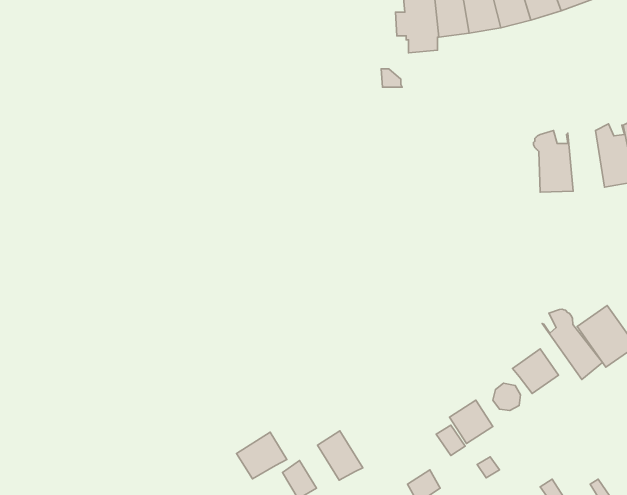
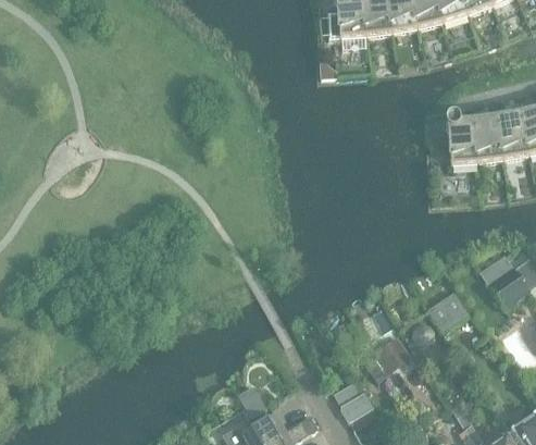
building: none -> [473,109,503,161]
building: [542,309,602,379] -> none
building: [317,431,363,480] -> none
building: [236,432,287,479] -> none

